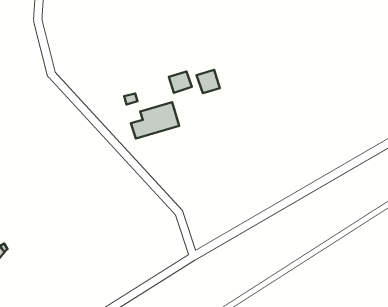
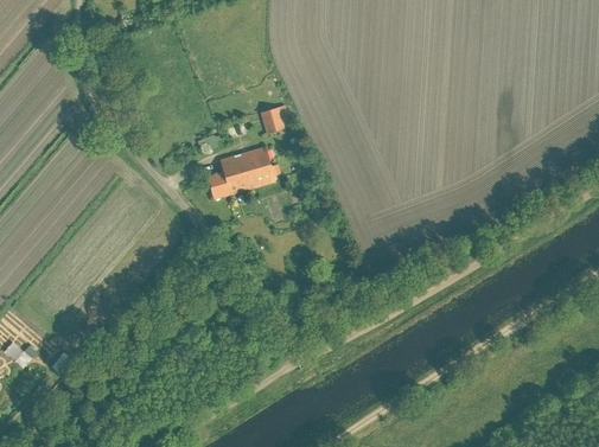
building: [197,70,220,93] -> none

